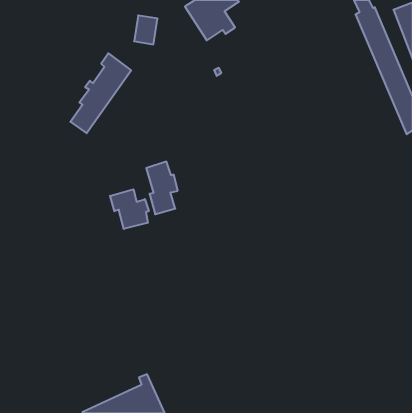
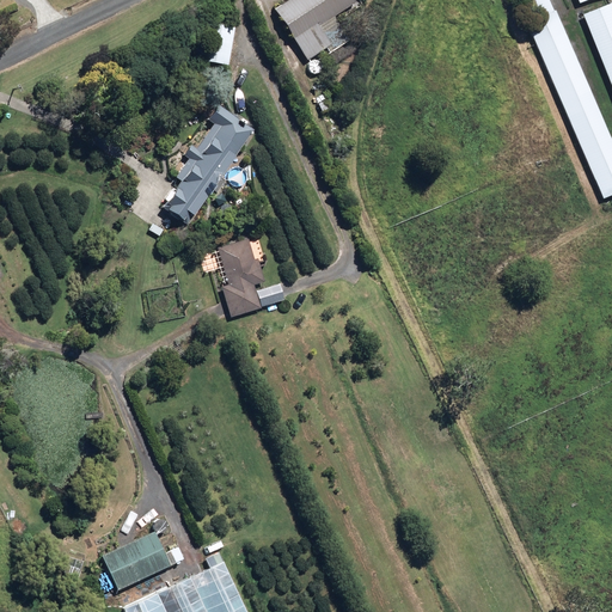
building: [70,53,131,133] -> [163,105,252,224]
building: [110,189,149,229] -> none
building: none -> [103,532,183,590]

